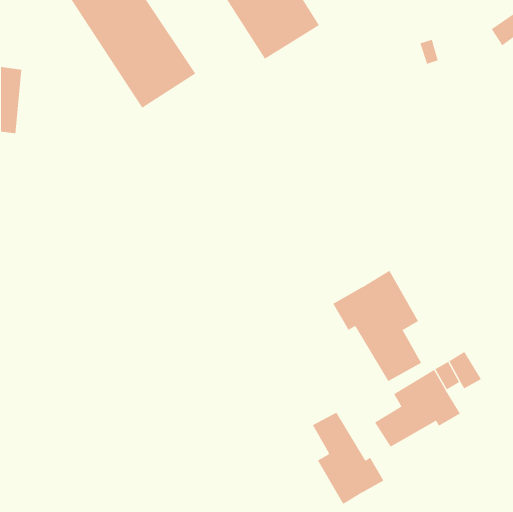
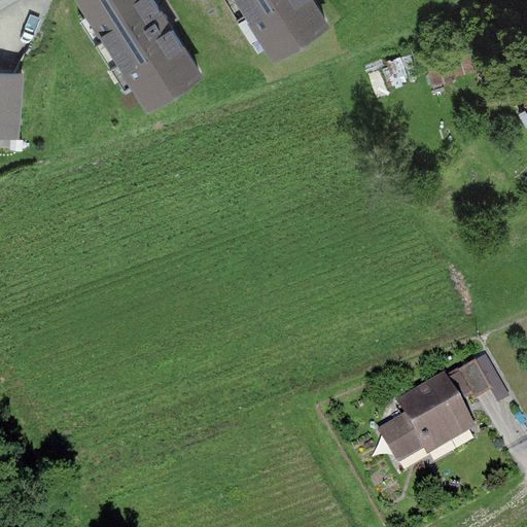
building: [333,270,422,382] -> none
building: [312,412,384,505] -> none

